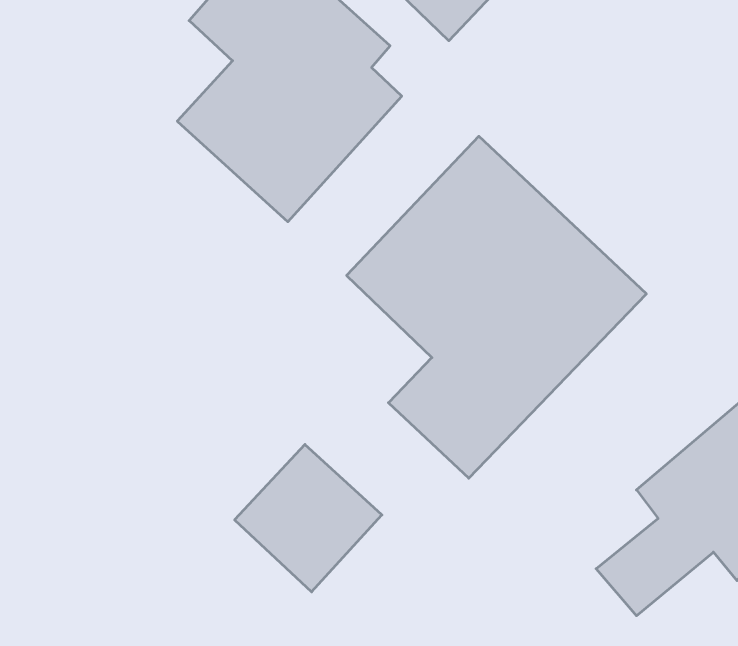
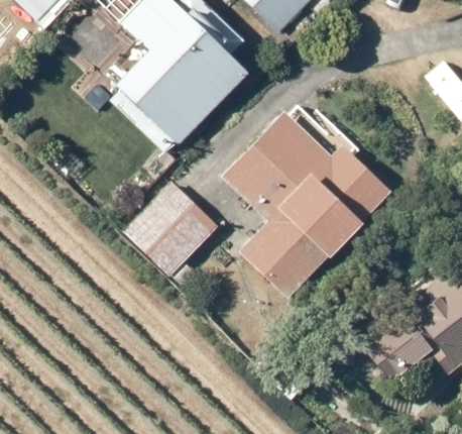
building: [235,444,382,592] -> [125,186,214,275]

